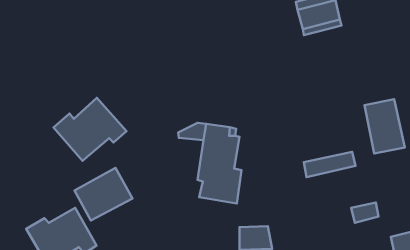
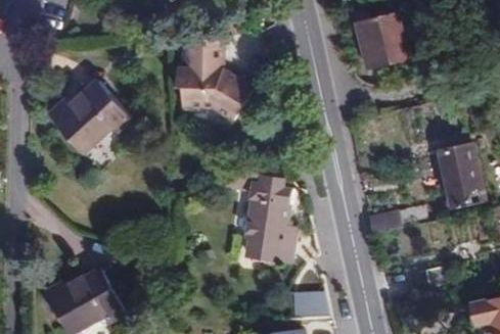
building: none -> [173,37,251,118]
building: [54,98,127,161] -> [46,79,131,152]
building: [74,168,133,220] -> none

